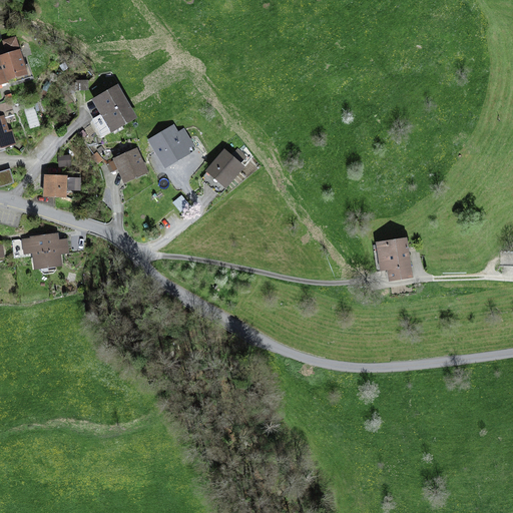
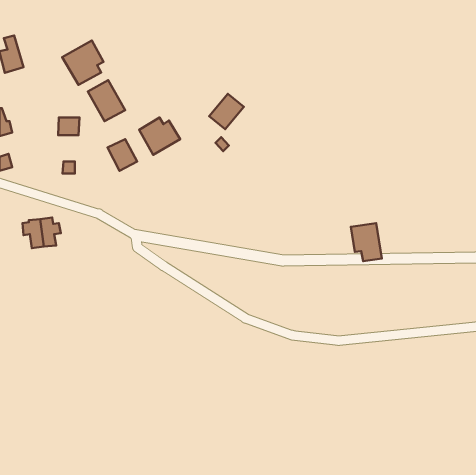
building: none -> [62,40,104,85]
building: [204,152,241,190] -> [209,94,244,129]
building: [43,176,66,195] -> [58,117,79,135]

